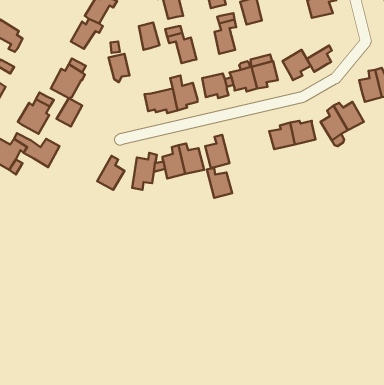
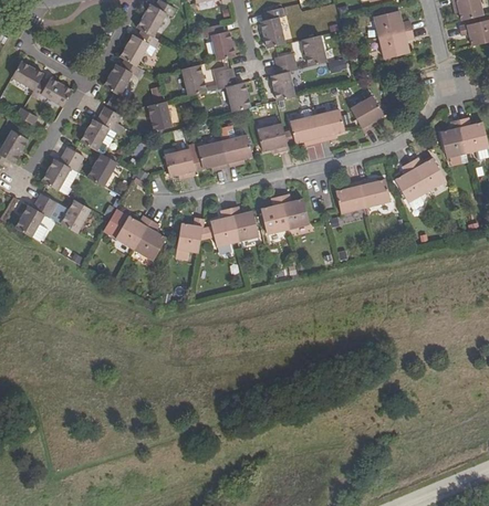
building: none -> [41,77,72,106]
building: [307,46,332,72] -> none
building: none -> [165,148,195,178]
building: none -> [103,209,150,250]
building: [207,168,232,198] -> [280,193,310,229]

